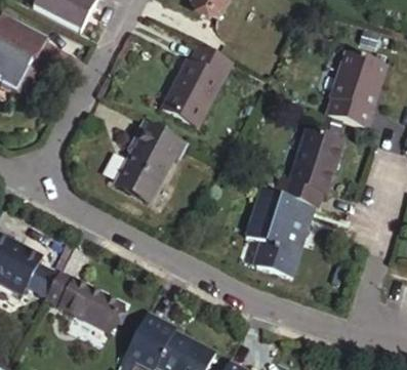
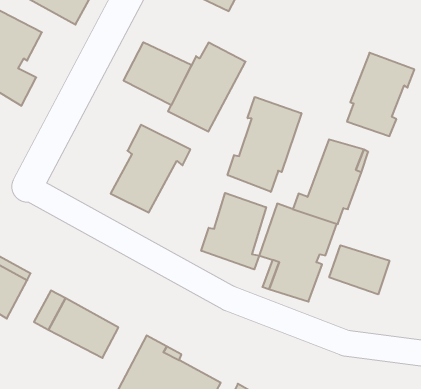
building: none -> [124,42,191,105]
building: none -> [228,97,301,192]
building: none -> [201,193,266,269]
building: none -> [329,245,389,294]

